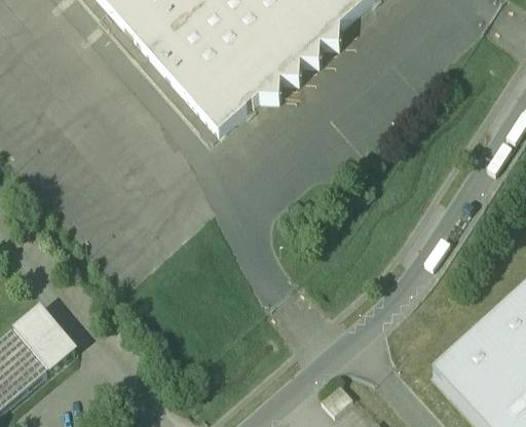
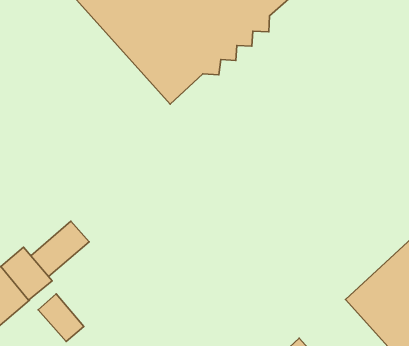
building: none -> [31,221,89,277]
building: none -> [38,294,84,342]

